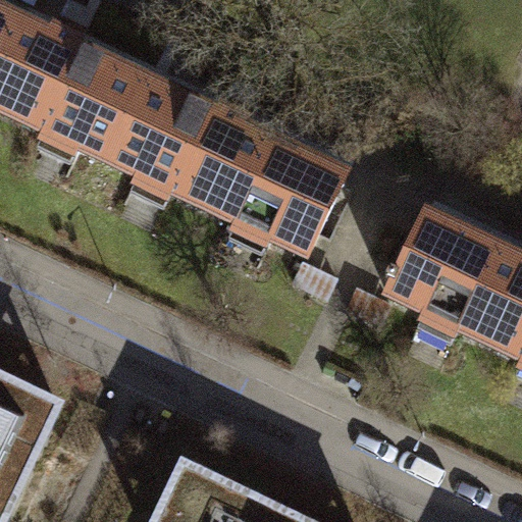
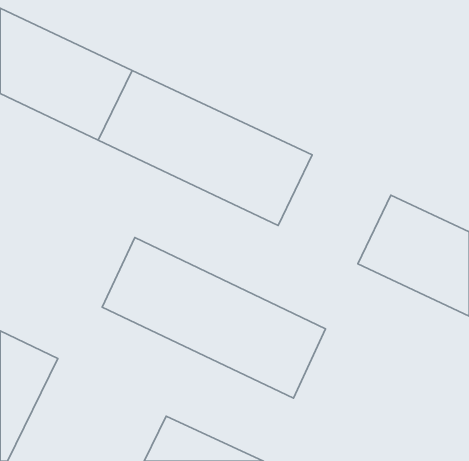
building: none -> [102,237,326,398]

